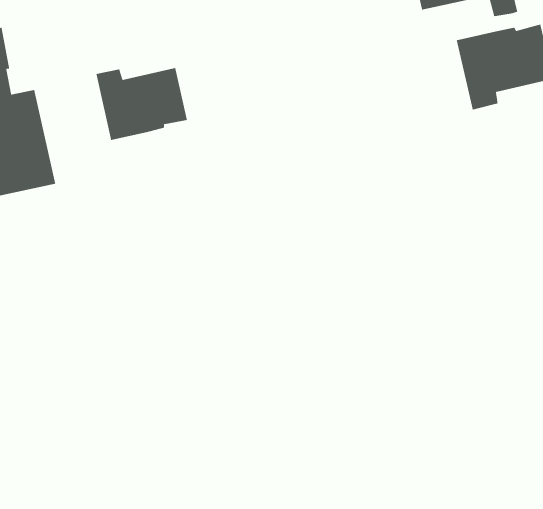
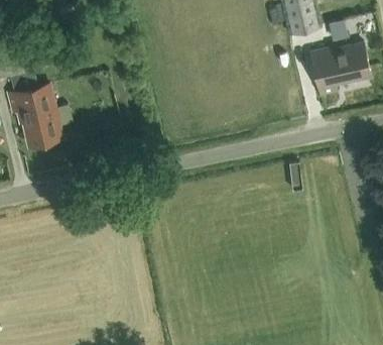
building: [95,67,188,141] -> none

